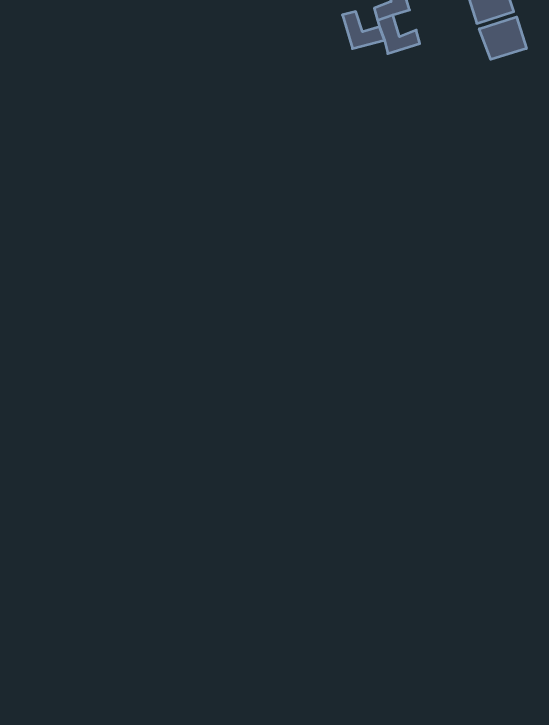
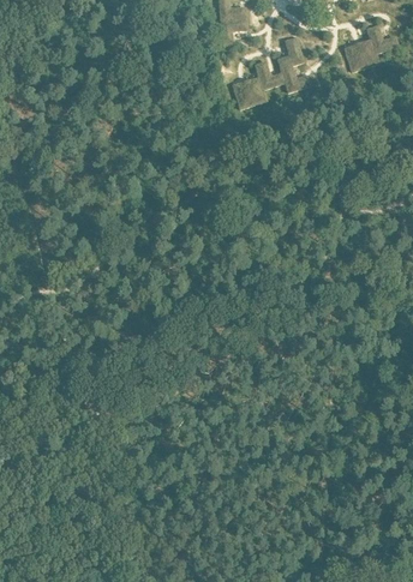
building: [479,17,526,59] -> none
building: none -> [232,78,265,108]

